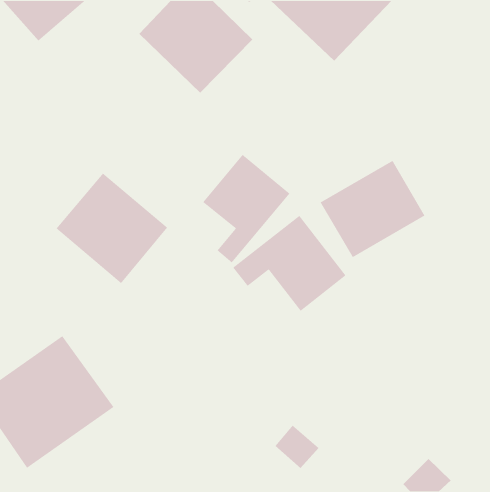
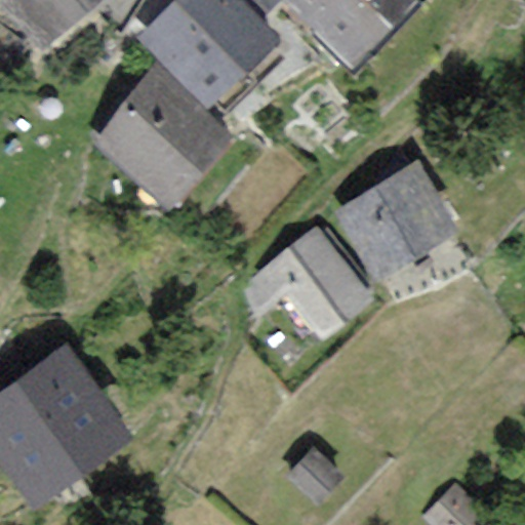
building: [202,154,291,264] -> none
building: [56,173,168,284] -> [104,80,224,199]

